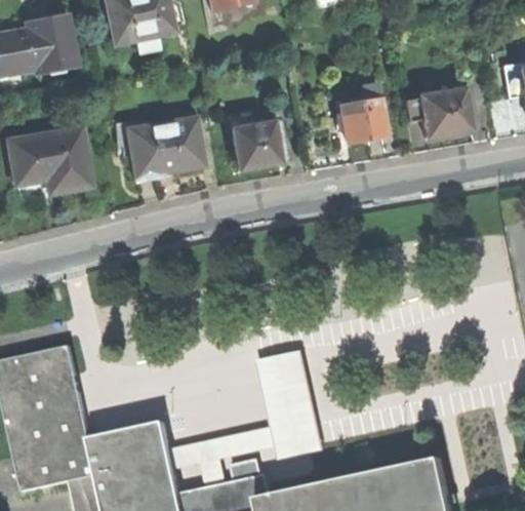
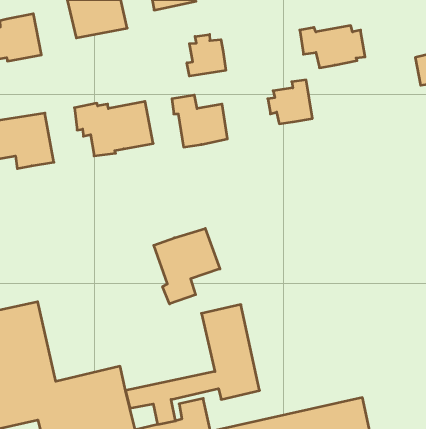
building: none -> [187,34,226,76]
building: [402,89,477,137] -> [300,26,365,68]
building: none -> [154,228,220,304]

